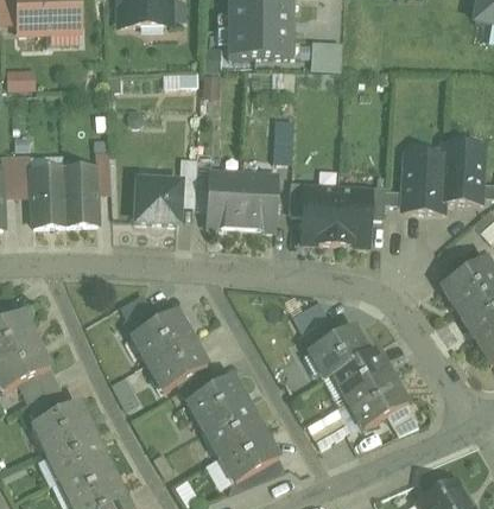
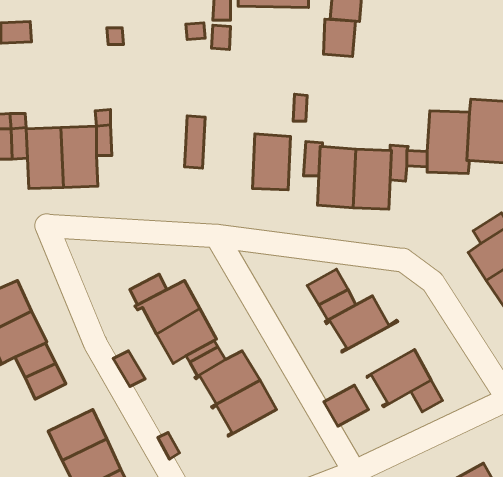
building: none -> [324,19,355,57]
building: [208,173,243,225] -> none
building: [137,180,179,222] -> none
building: [324,349,392,400] -> none
building: [33,402,93,451] -> none
building: [218,431,279,483] -> none

